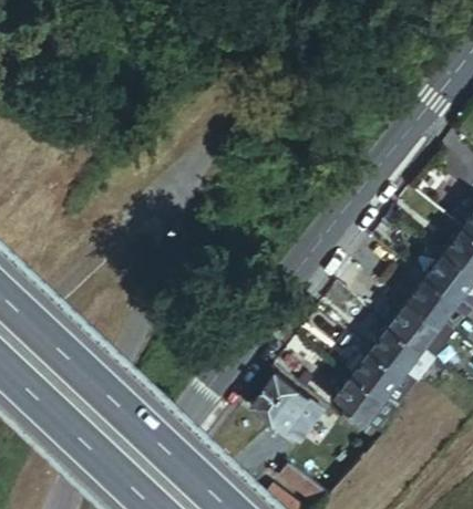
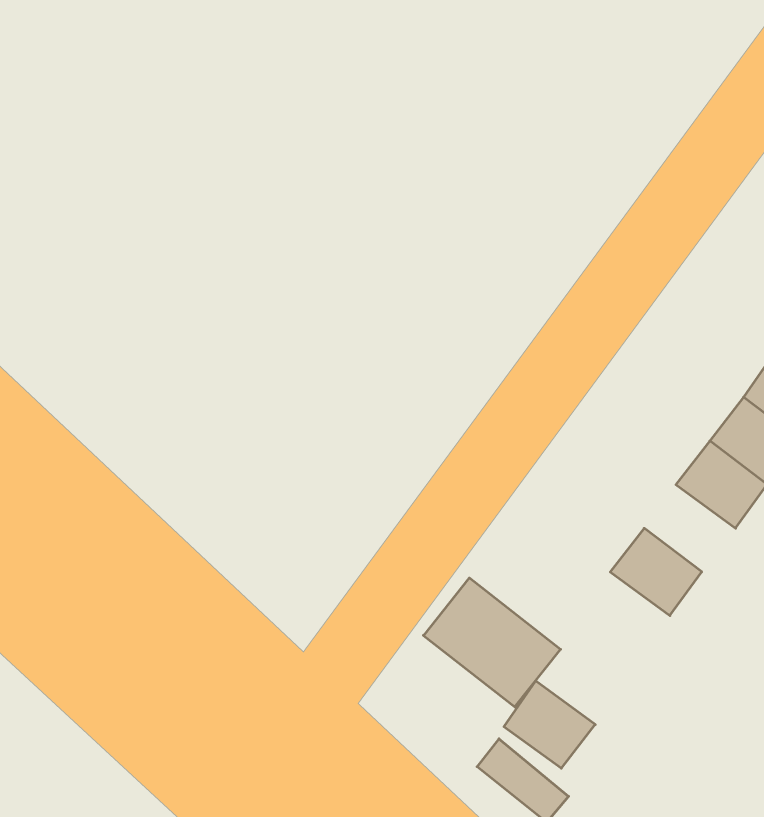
building: [376,321,426,370] -> none
building: [339,370,390,418] -> [504,681,595,768]

